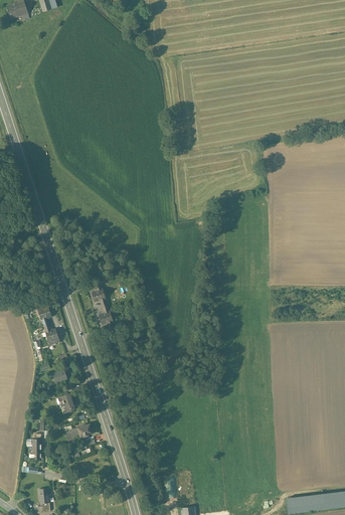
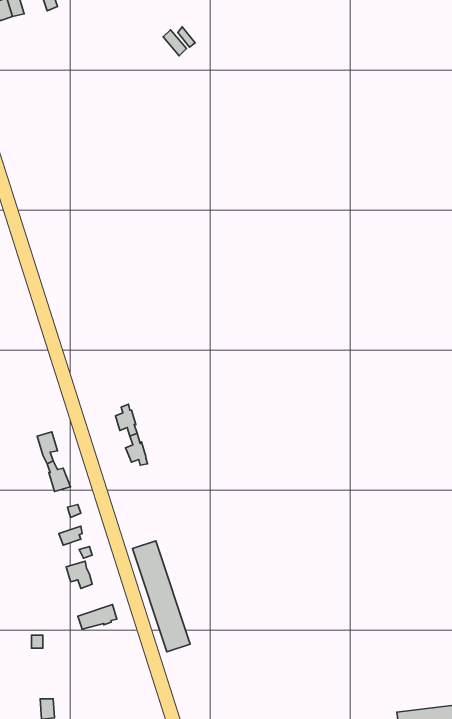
building: none -> [132,541,190,652]

